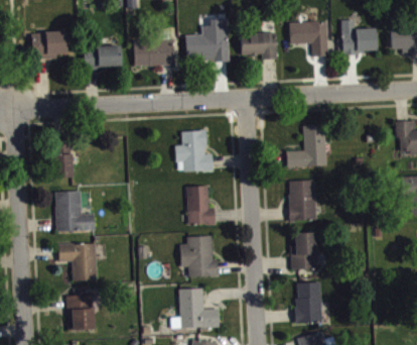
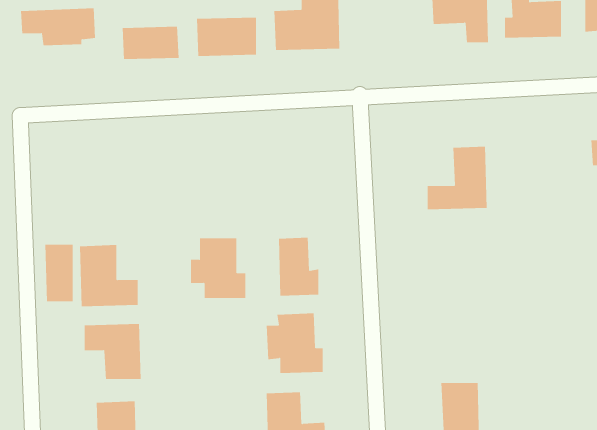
building: [240,32,277,60] -> none
building: [175,131,213,171] -> [190,238,246,299]
building: [52,139,72,178] -> [45,244,73,302]
building: [288,180,316,221] -> none
building: [290,232,317,270] -> none

